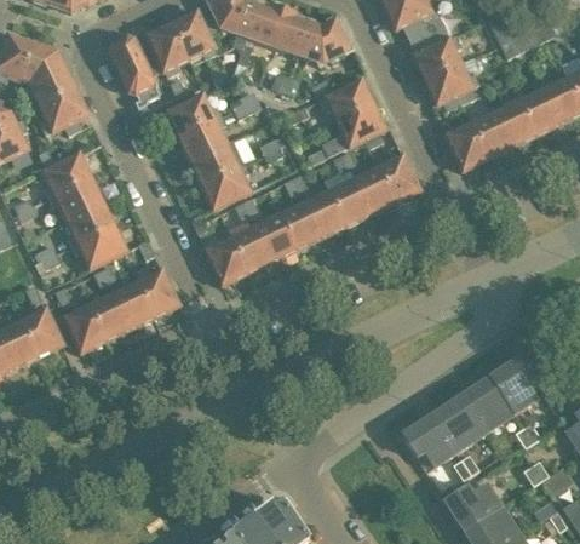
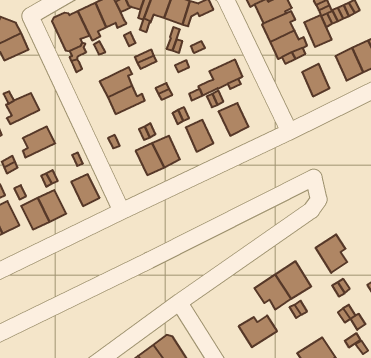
building: [306,32,351,62] -> none
building: [318,78,374,121] -> none
building: [39,90,87,134] -> none
building: [166,93,220,136] -> none
building: [495,99,535,145] -> [304,15,332,47]
building: [447,122,487,168] -> none
building: [378,155,418,201] -> none
building: [201,164,249,208] -> none
building: [48,177,102,218] -> none
building: [327,179,367,225] -> none
building: [278,202,318,248] -> none
building: [70,225,126,267] -> none
building: [206,236,247,284] -> none
building: [113,281,154,327] -> none
building: [461,377,513,433] -> none
building: [444,483,500,529] -> [239,315,277,347]

